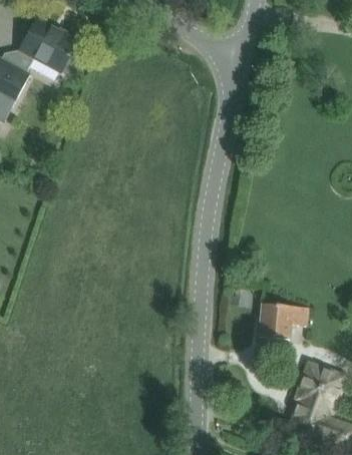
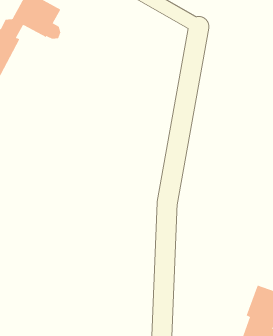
building: [259,303,308,339] -> none

